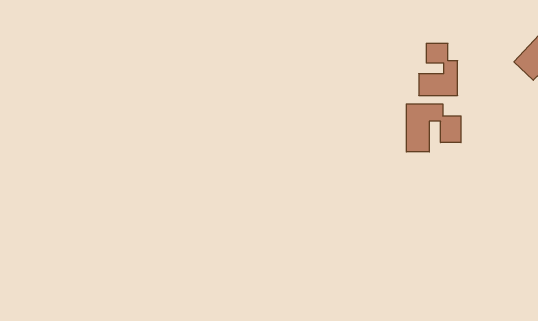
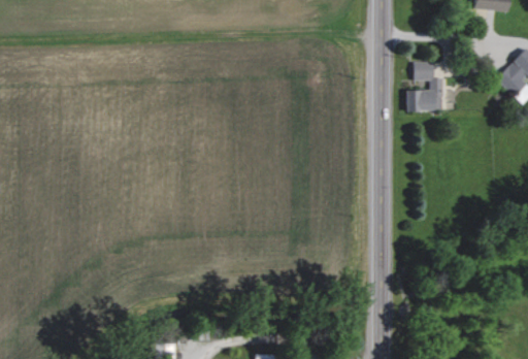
building: [406,104,461,152] -> none

